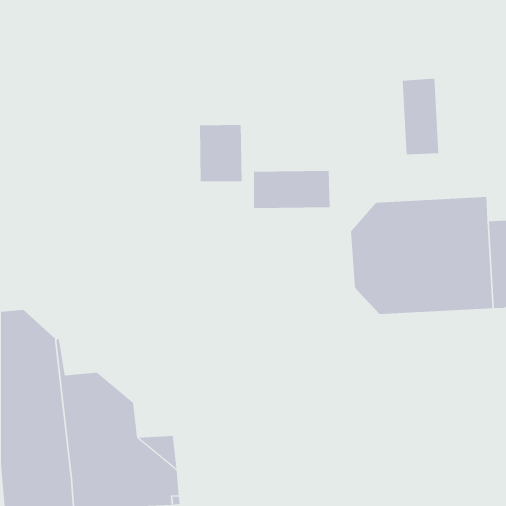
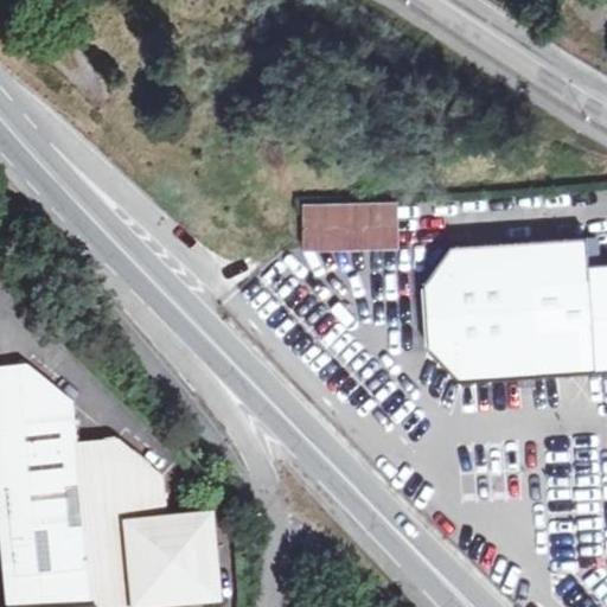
building: [402,78,439,155] -> none
building: [200,124,242,182] -> none

